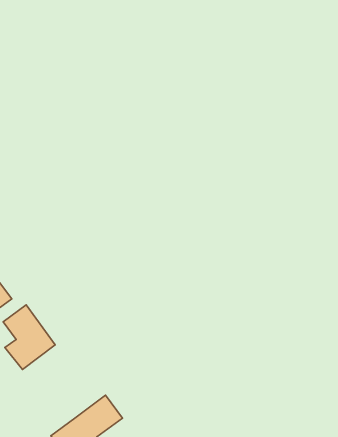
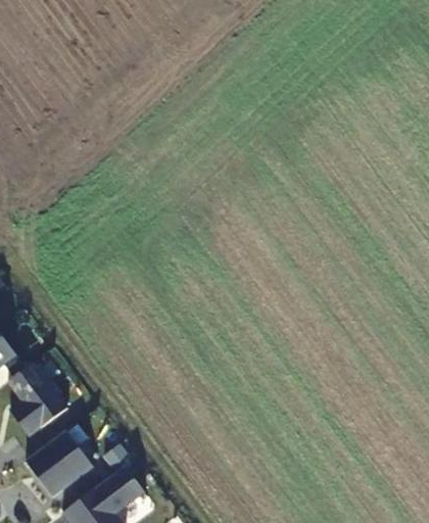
building: none -> [26,431,93,497]

